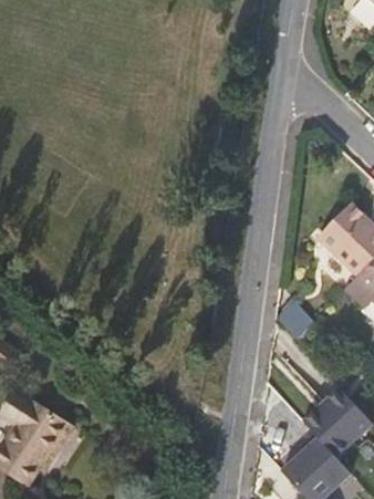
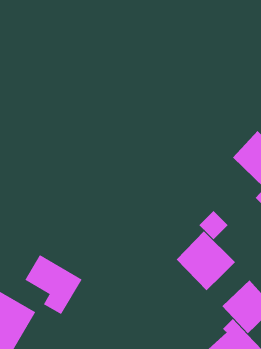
building: none -> [176,230,236,291]
building: none -> [24,254,83,315]

